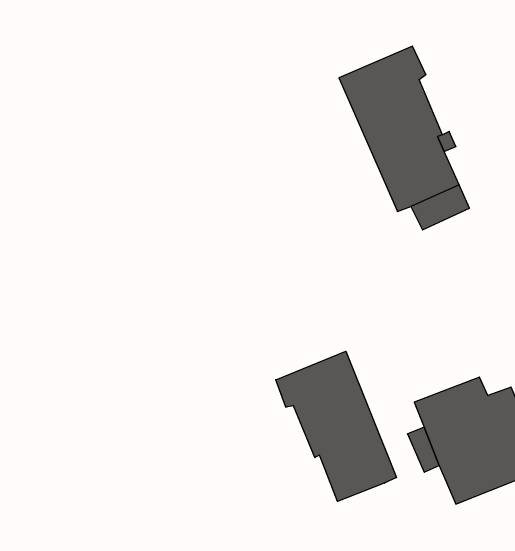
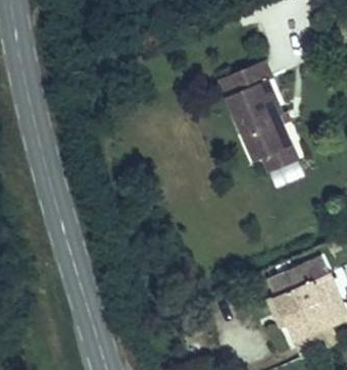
building: [276,351,396,501] -> none

